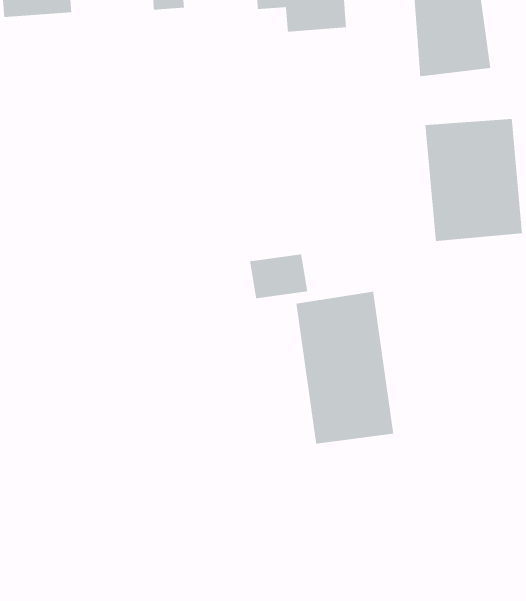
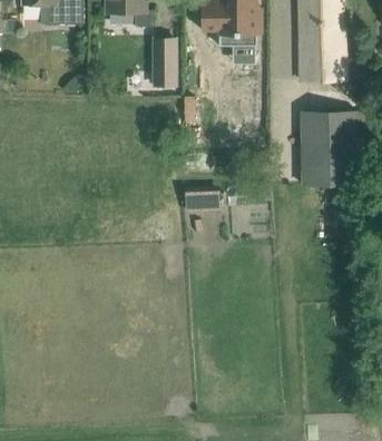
building: none -> [154,39,175,86]
building: [296,291,394,445] -> none

